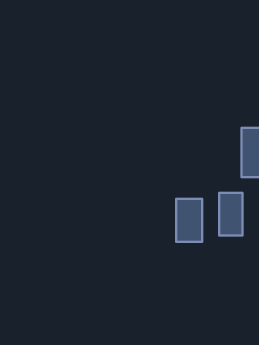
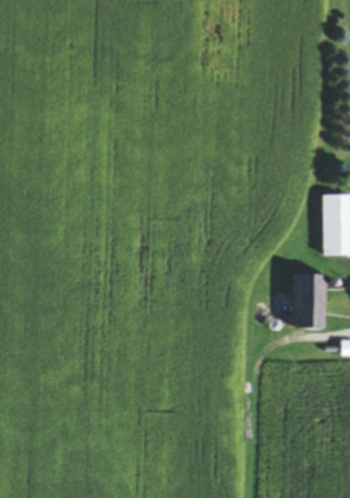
building: [176,199,202,242] -> none

